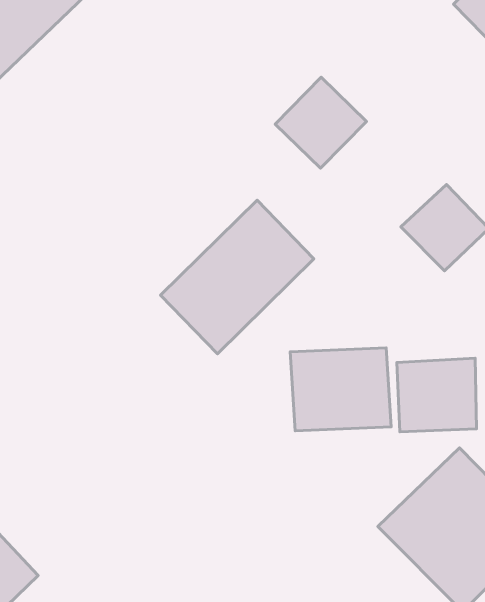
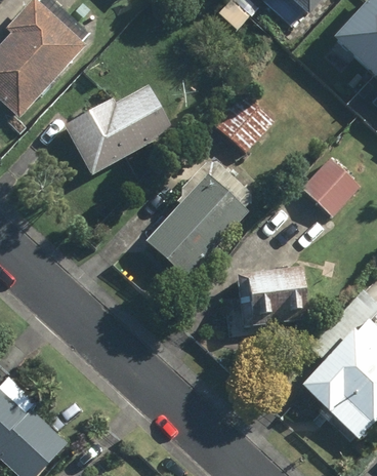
building: none -> [61,85,172,176]
building: [397,358,477,432] -> none

